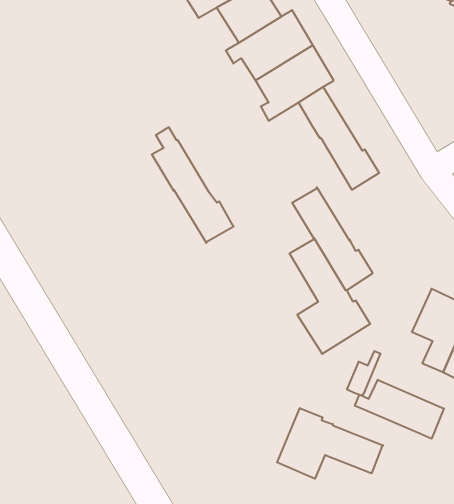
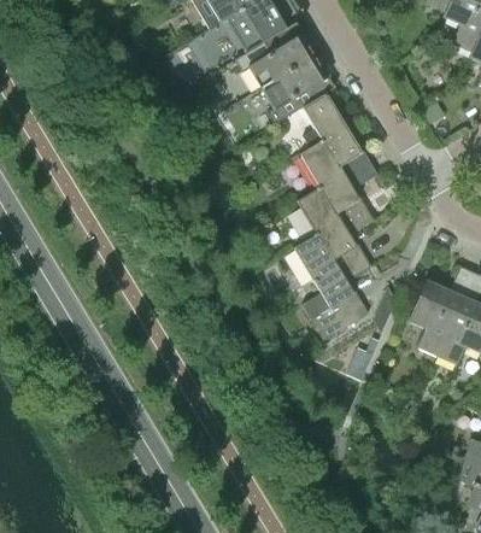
building: [152,127,234,243] -> [299,128,375,235]
building: [355,380,444,439] -> none
building: [277,408,383,479] -> none

